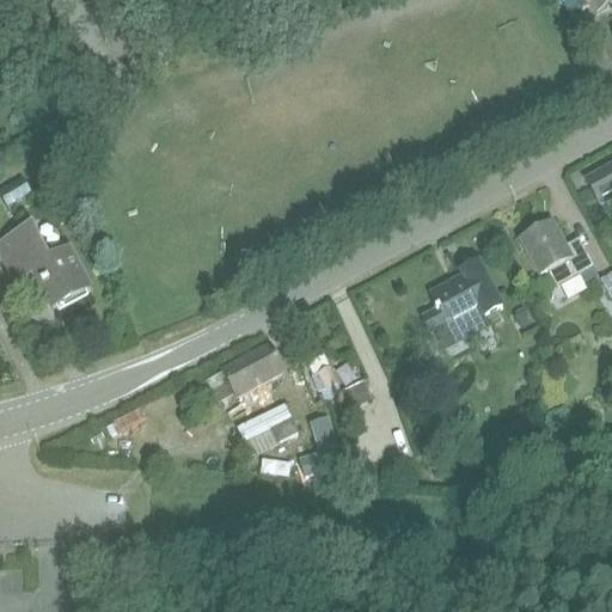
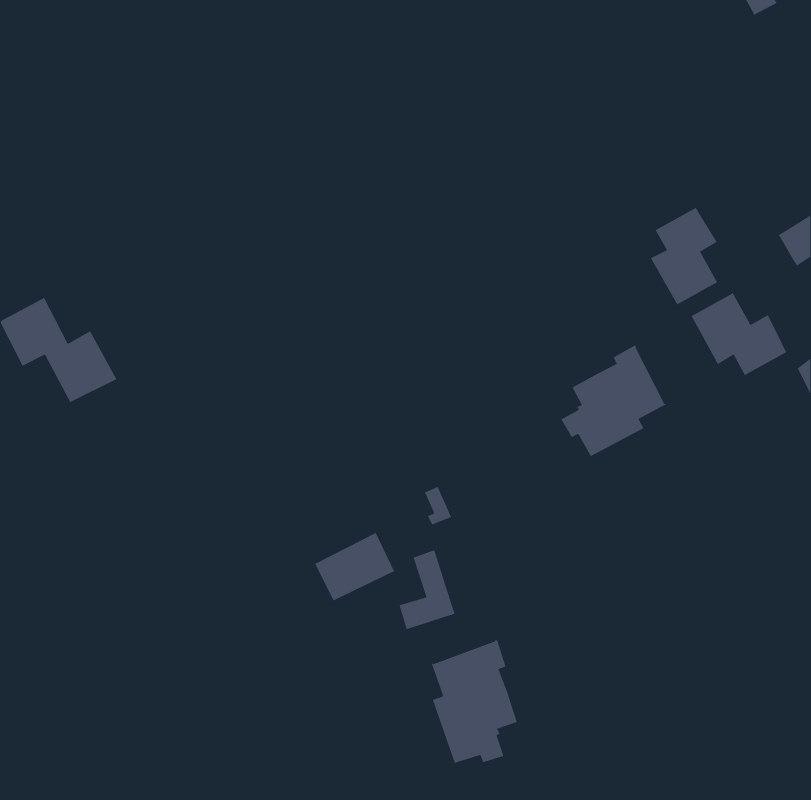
building: none -> [650,207,718,306]
building: [208,342,284,397] -> none
building: none -> [431,640,518,764]

